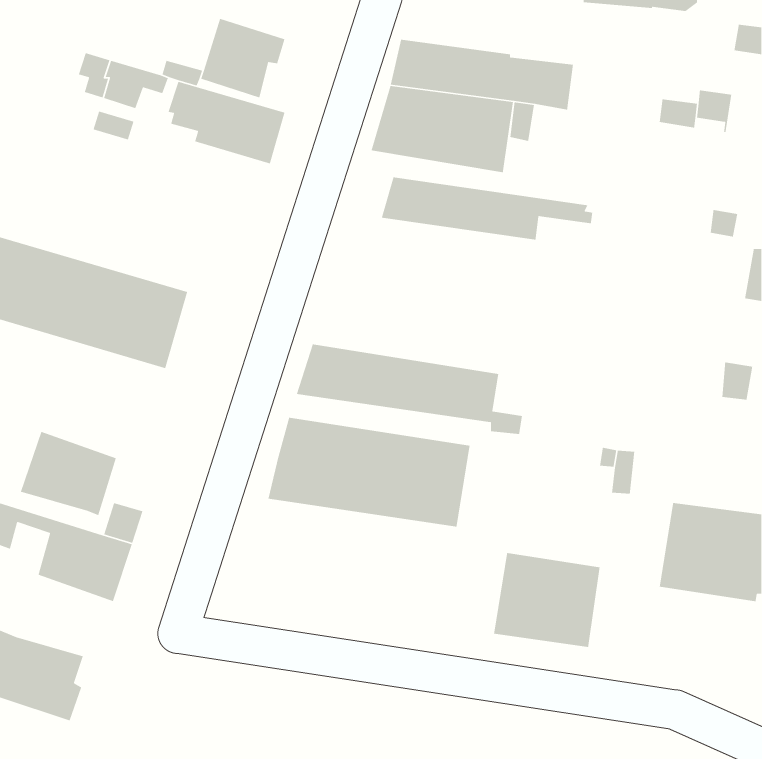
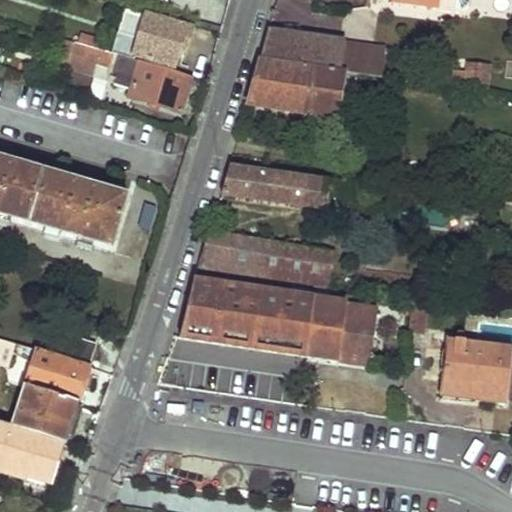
building: [381,176,593,241] -> [223,162,365,205]
building: [20,431,117,516] -> [11,385,76,442]
building: [493,552,601,648] -> [306,298,378,362]

